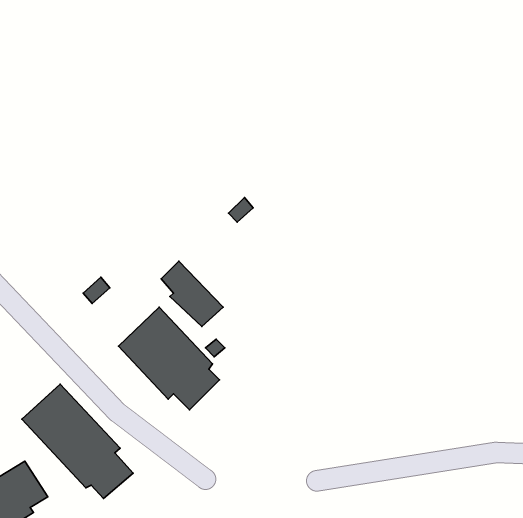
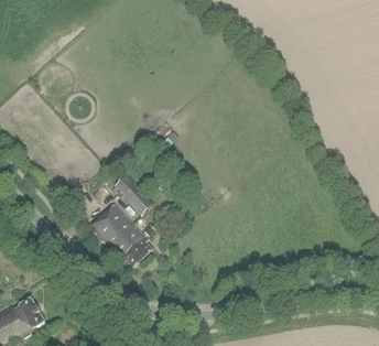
building: [22,384,133,499] -> none

